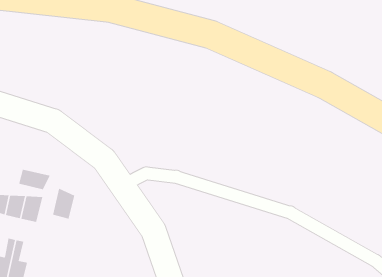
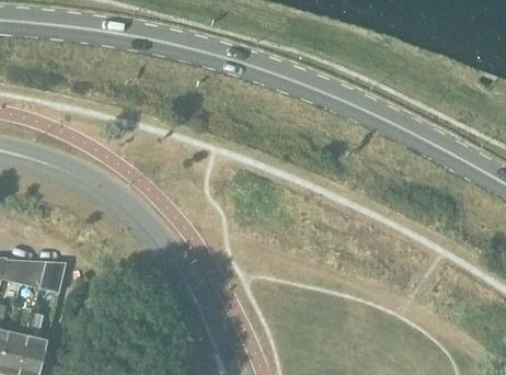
building: [18,169,50,190] -> none
building: [53,188,75,219] -> none

